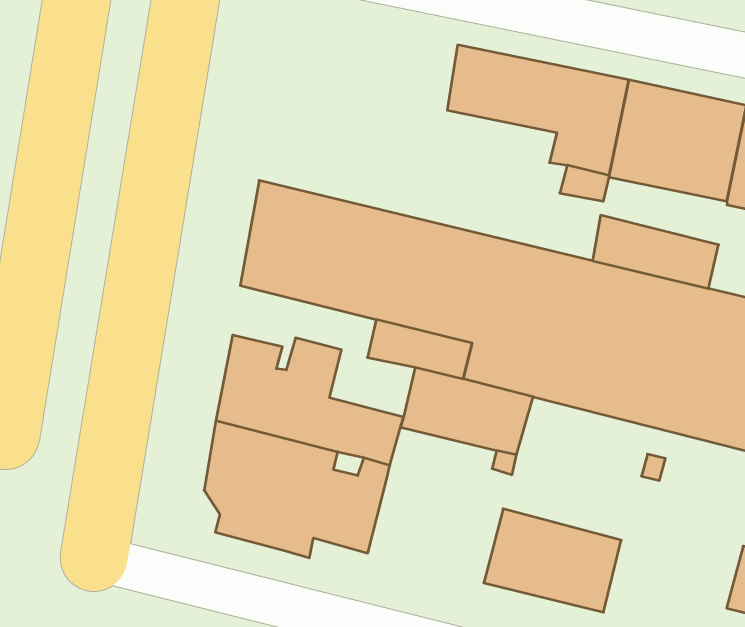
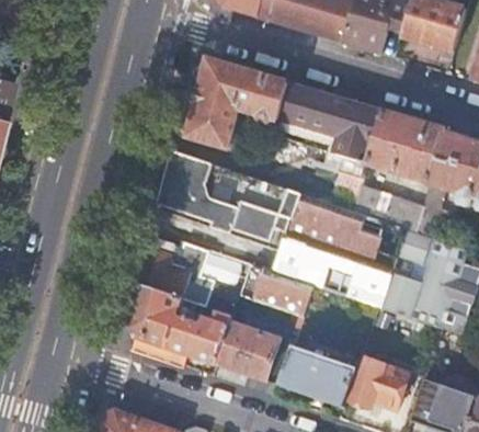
building: none -> [189,60,287,149]
building: none -> [214,316,278,382]
building: none -> [350,356,410,409]

